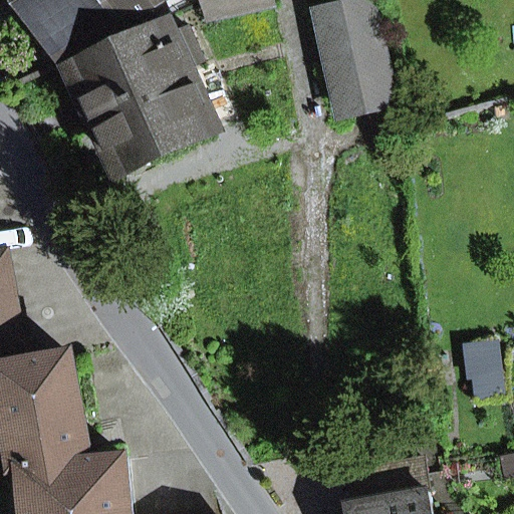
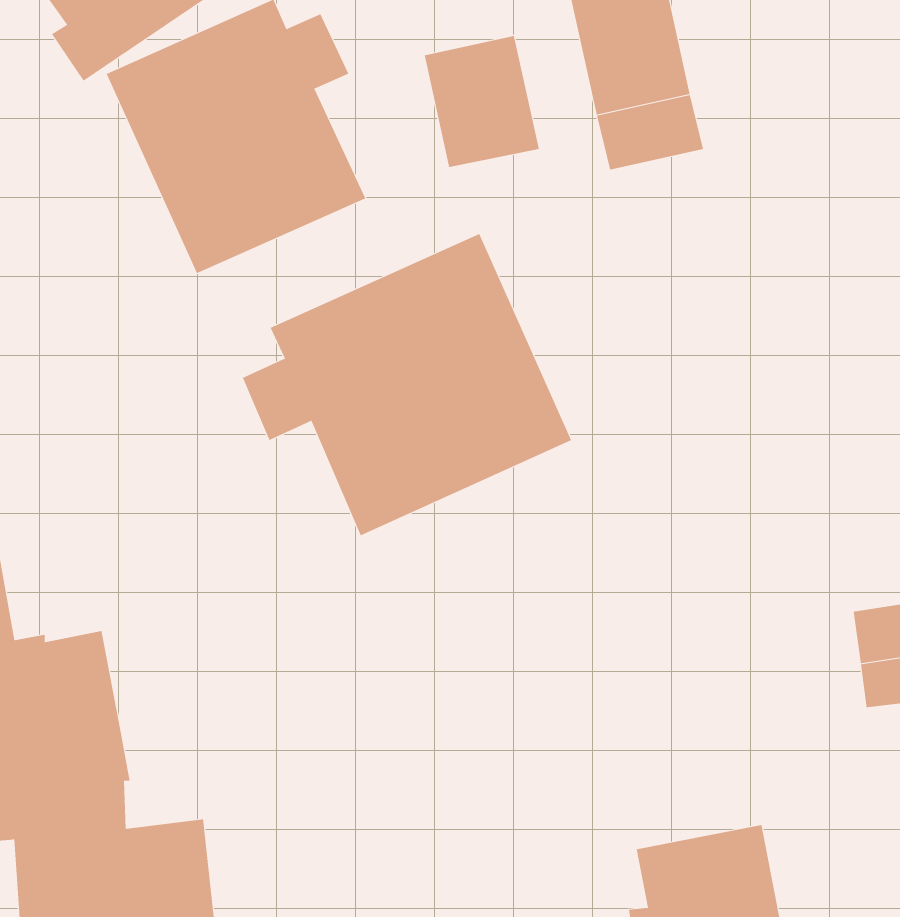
building: none -> [424,35,540,168]
building: none -> [242,233,572,536]

